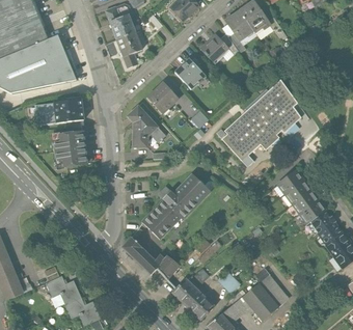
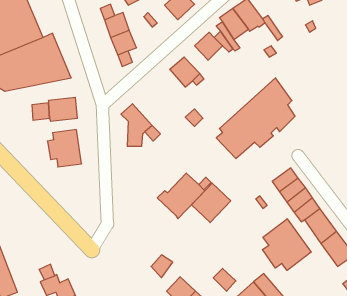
building: [147,82,179,112] -> none
building: [141,199,181,239] -> [191,183,231,223]
building: none -> [262,219,311,270]
building: [123,237,166,273] -> none

